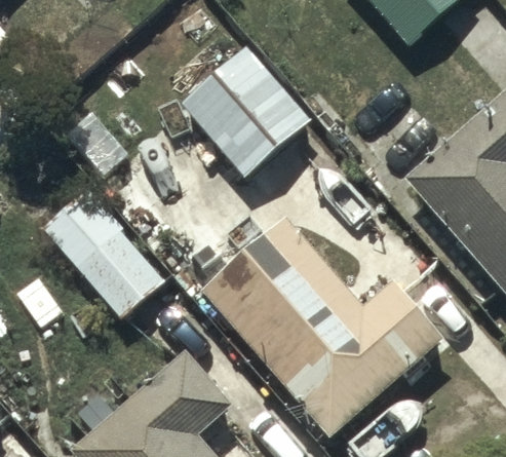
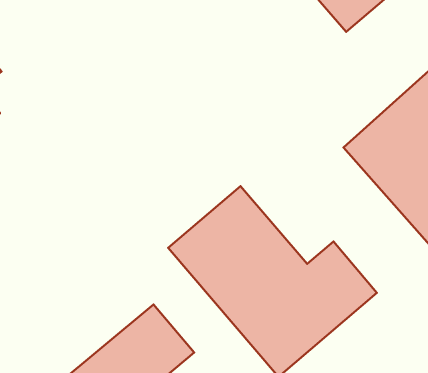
building: [181,46,309,176] -> none
building: [45,189,163,315] -> none

